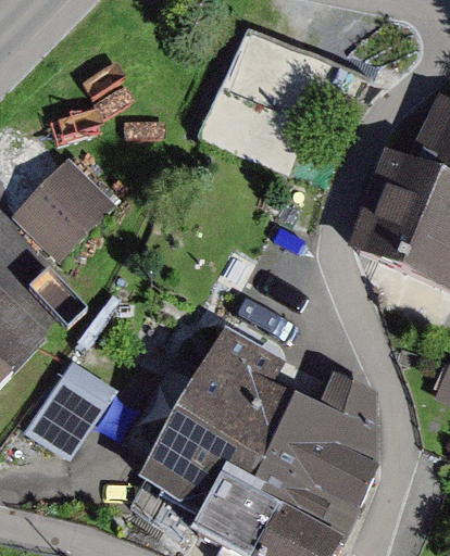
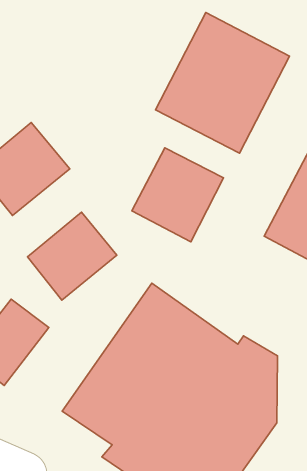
building: none -> [132,148,223,242]
building: none -> [28,212,117,300]

